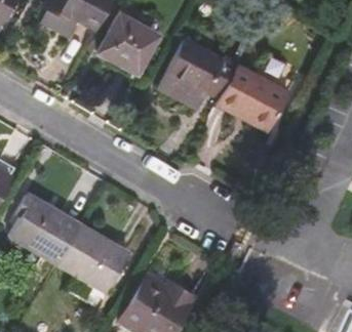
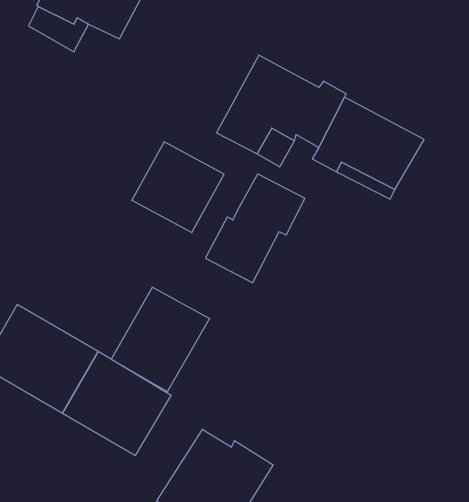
building: [99,14,157,72] -> [132,142,224,233]
building: none -> [206,174,305,283]
building: none -> [111,287,210,392]

